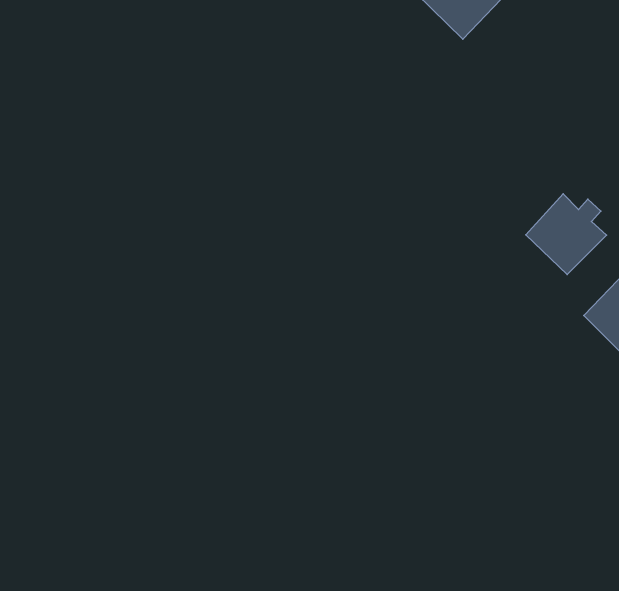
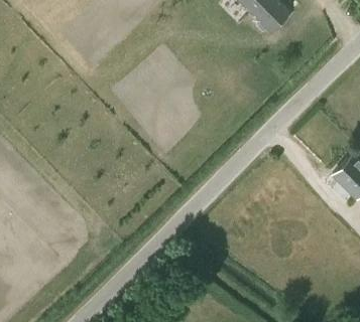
building: [526,194,606,274] -> none

